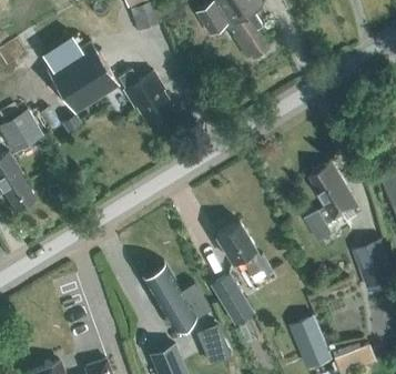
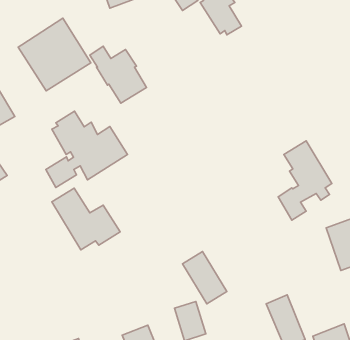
building: none -> [46,111,128,187]
building: [215,221,271,281] -> none
building: [142,266,210,327] -> [52,188,120,250]

